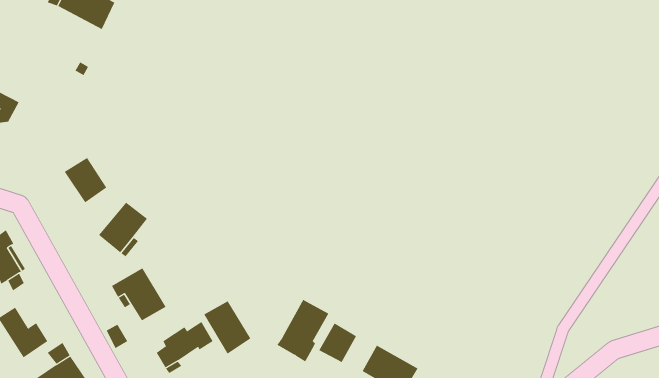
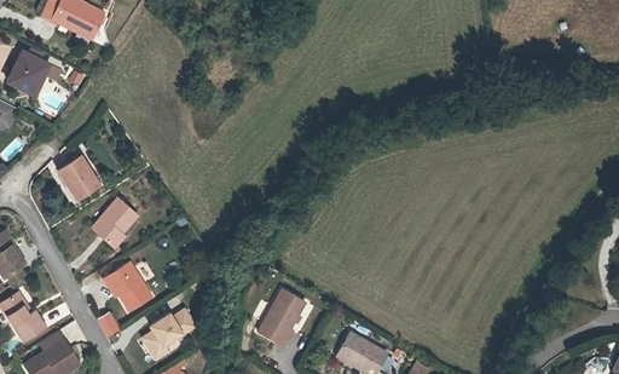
building: none -> [8,54,52,94]
building: [203,301,251,354] -> none
building: [319,322,357,363] -> none

